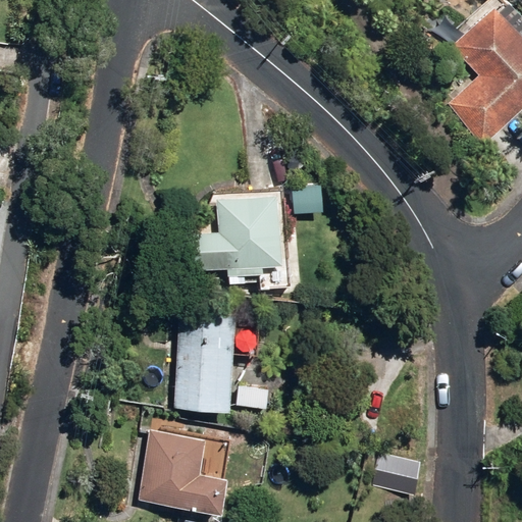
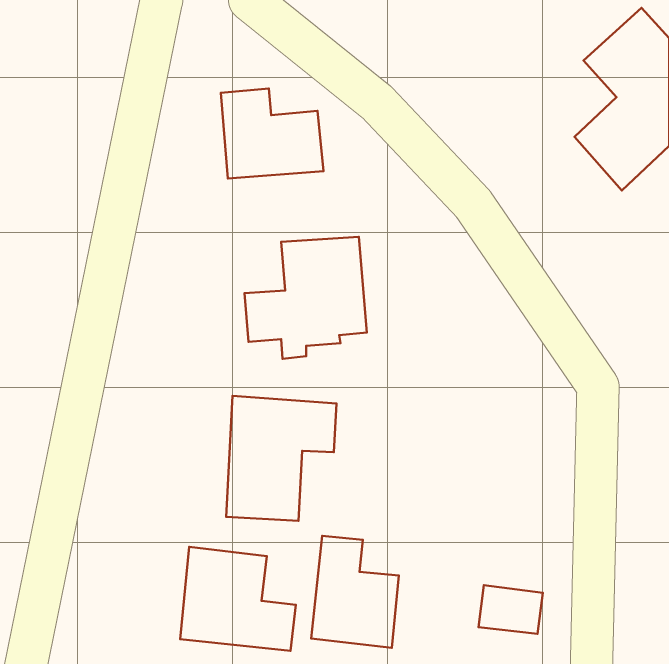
building: none -> [221,89,324,179]
building: none -> [311,536,399,648]

